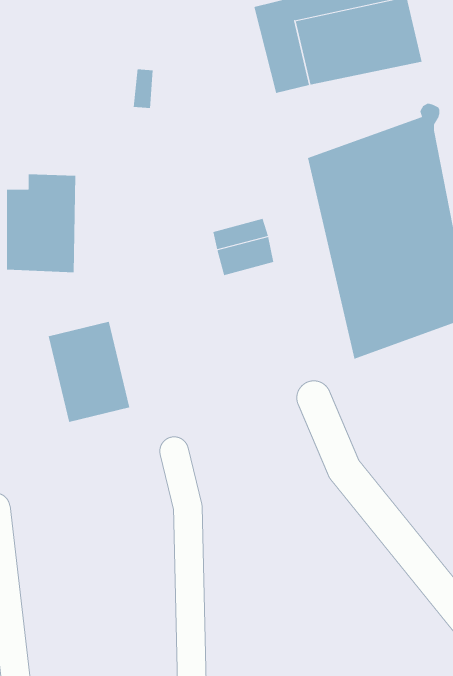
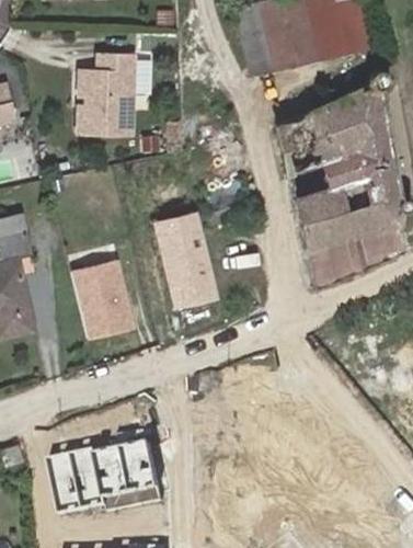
building: [6,174,76,273] -> [73,57,129,136]
building: none -> [153,210,220,311]
building: none -> [51,443,164,515]

